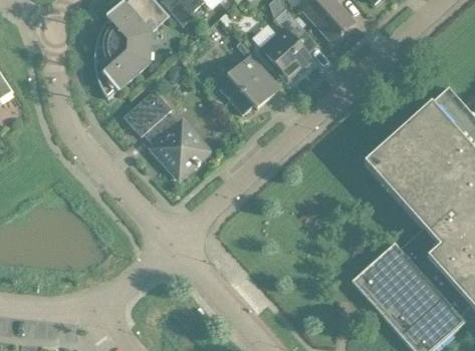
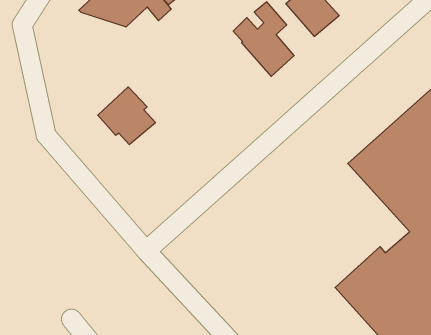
building: [94,18,152,98] -> none
building: [220,53,281,114] -> none
building: [153,120,209,178] -> none

